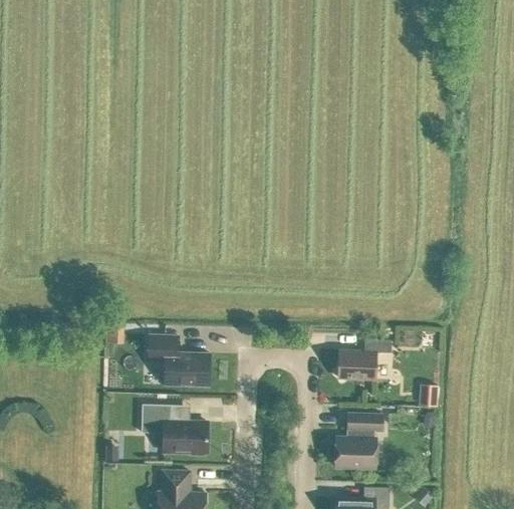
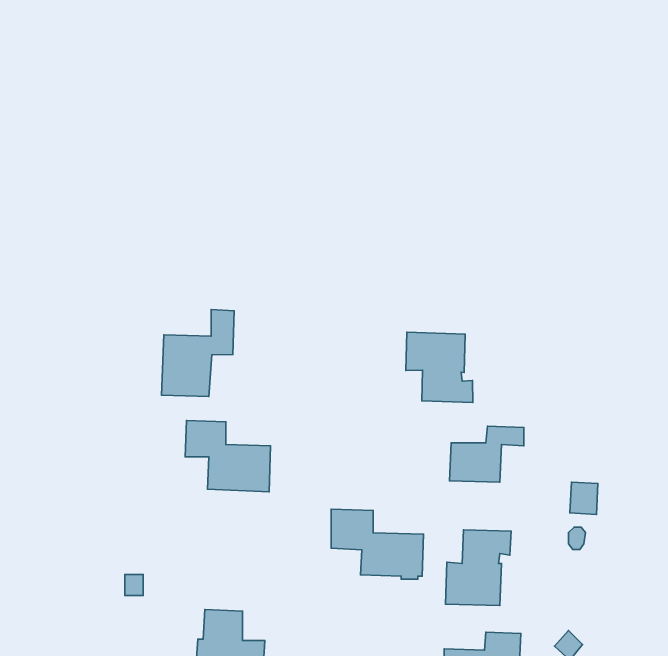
building: none -> [161,309,234,396]
building: none -> [406,332,473,402]
building: [142,404,208,454] -> [331,509,423,579]

